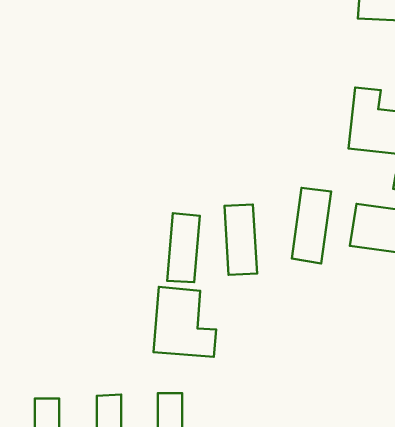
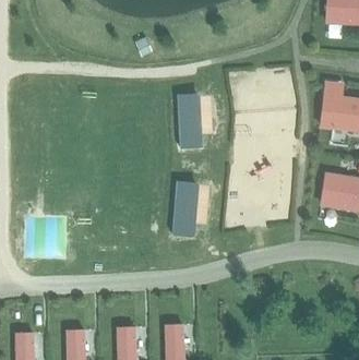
building: [292,188,331,263] -> none
building: [225,205,257,275] -> [177,92,203,148]
building: [154,287,216,357] -> none

